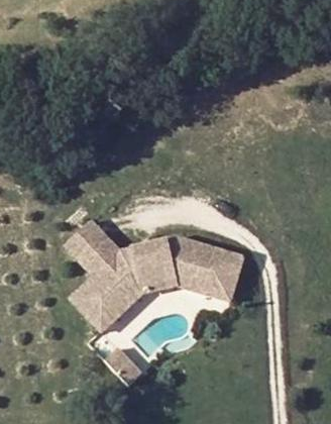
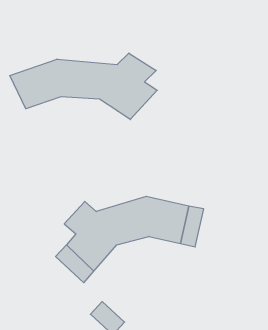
building: none -> [10,53,157,120]
building: [69,222,110,263] -> none

